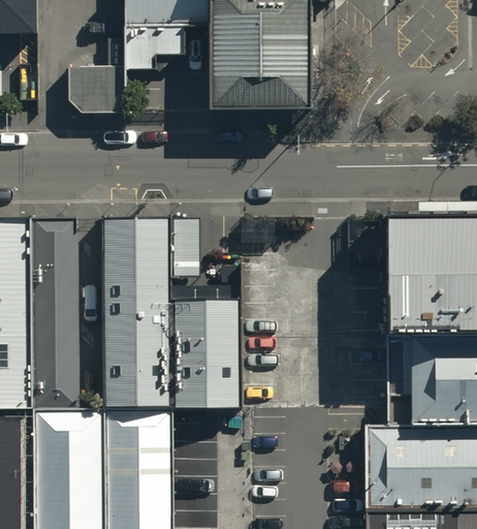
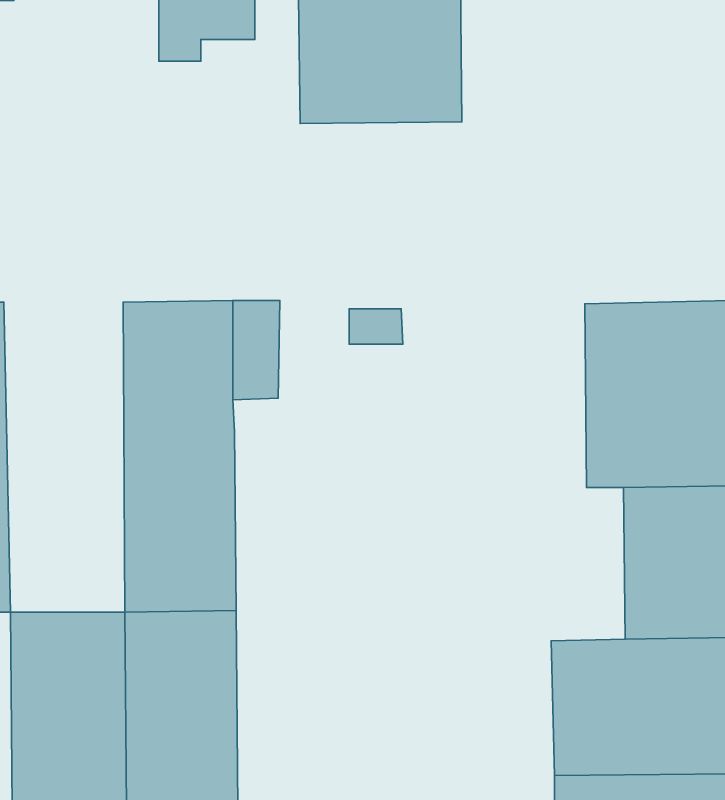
building: [68,70,124,114] -> none
building: [32,218,78,408] -> none
building: [170,298,242,407] -> none

